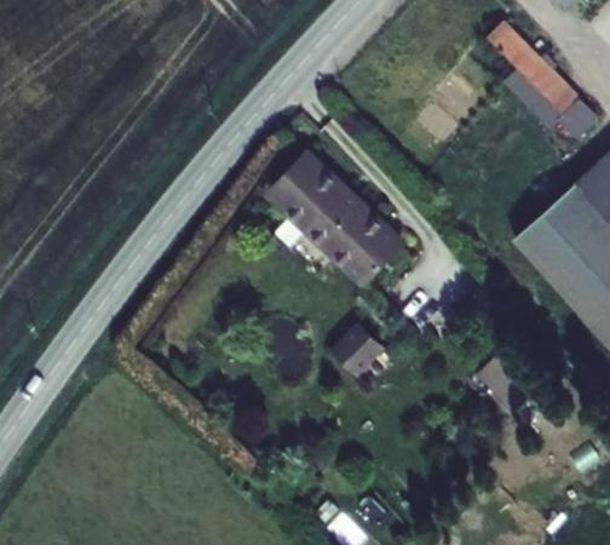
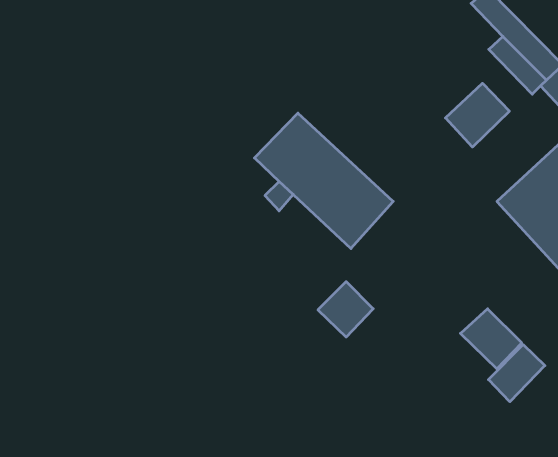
building: none -> [445,83,509,147]
building: none -> [488,345,545,402]

